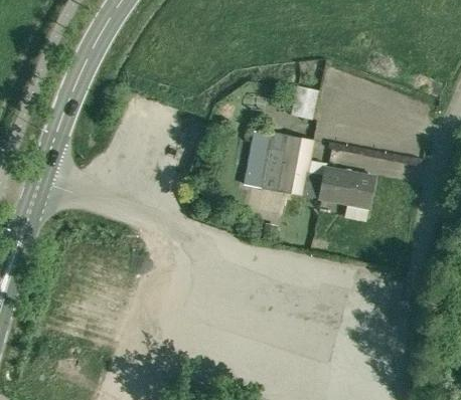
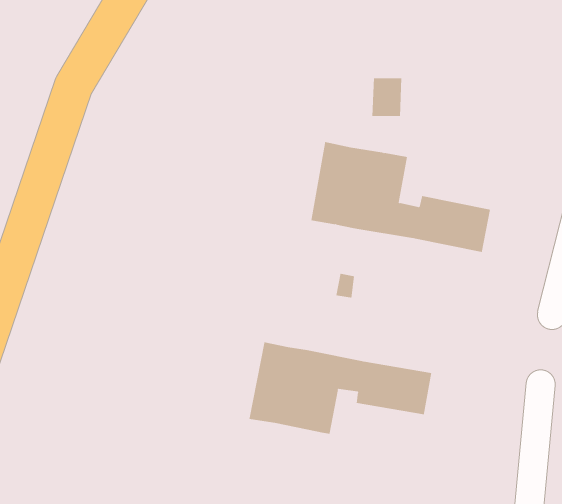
building: none -> [249,342,432,435]

